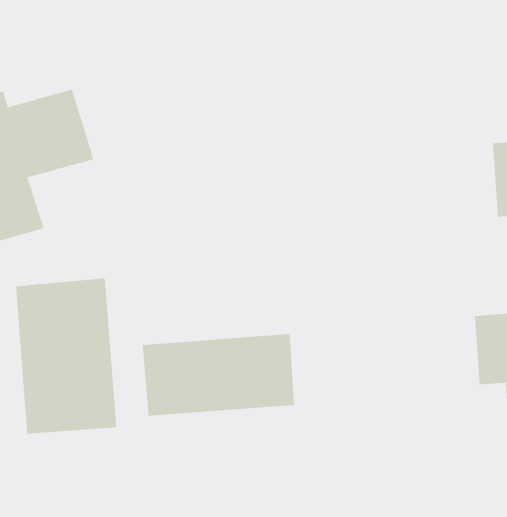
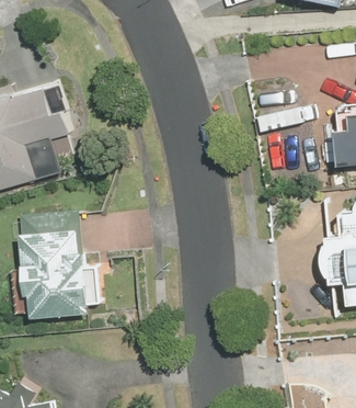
building: [142,333,295,417] -> none

